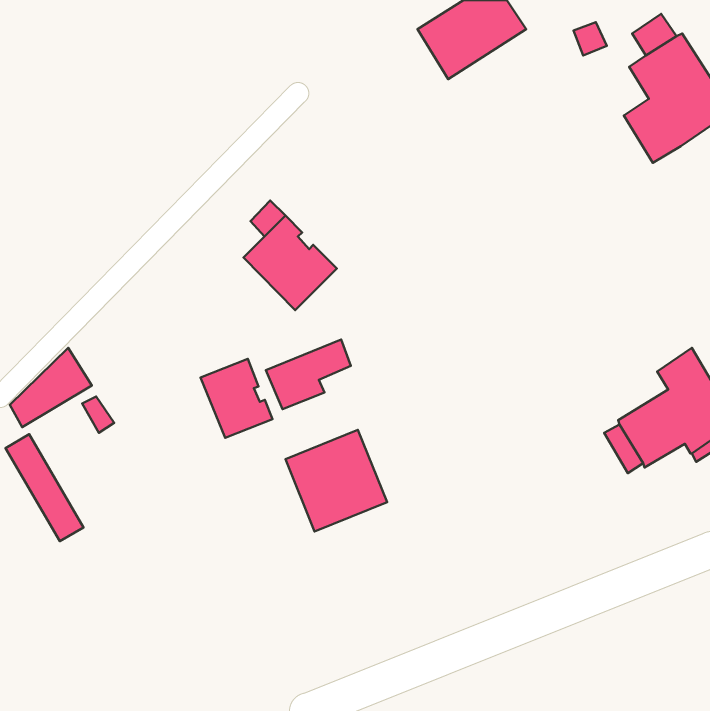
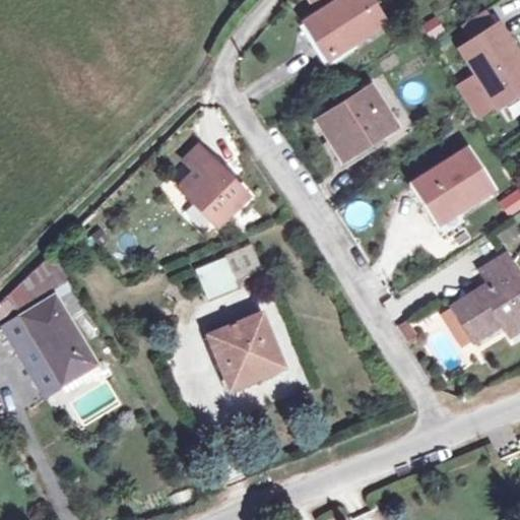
building: none -> [319,87,395,159]
building: none -> [413,148,493,222]
building: [200,359,272,438] -> none
building: none -> [22,297,95,385]

